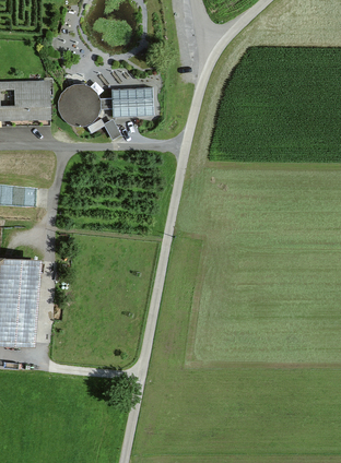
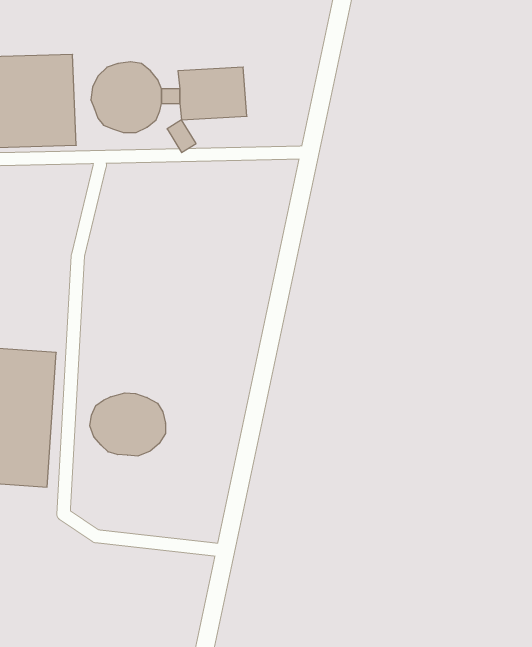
building: none -> [90,393,165,456]

